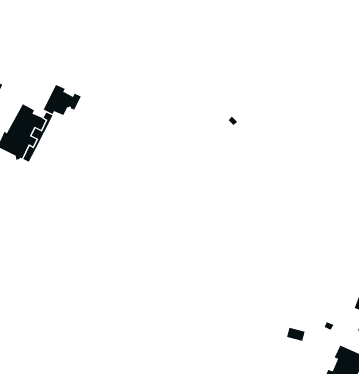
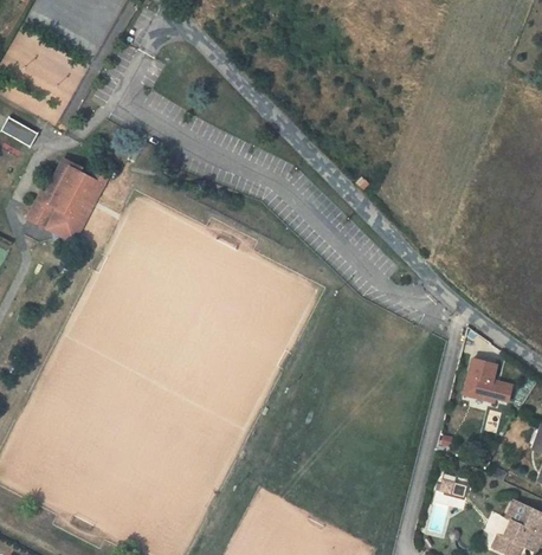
building: [43,84,82,116] -> none
building: none -> [460,357,509,400]

